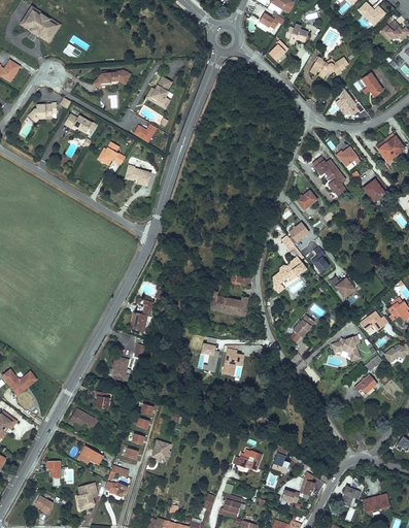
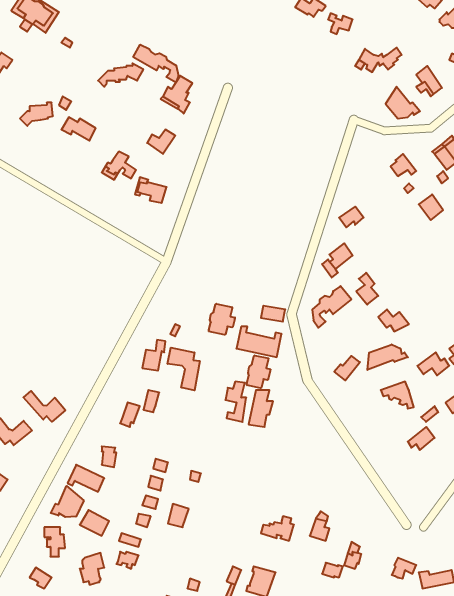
building: none -> [133,45,178,83]
building: [311,154,344,193] -> none
building: none -> [209,304,235,335]
building: none -> [367,344,408,370]
building: none -> [168,348,200,390]
building: none -> [247,355,270,388]
building: none -> [23,391,65,422]
building: none -> [51,486,84,517]

